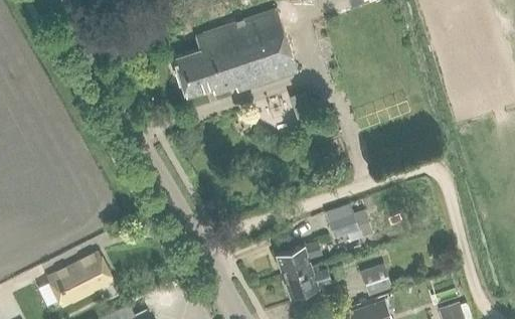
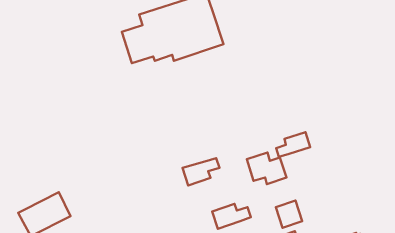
building: none -> [276,132,310,157]
building: [276,242,321,275] -> [182,158,220,185]

